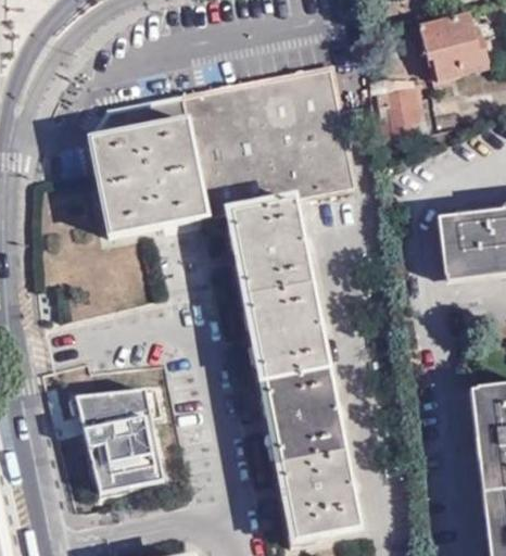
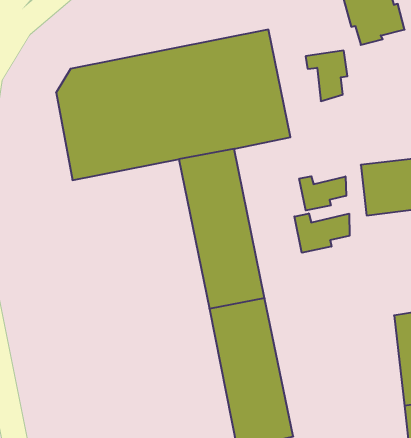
building: none -> [299,176,346,210]
building: none -> [294,213,350,253]
building: [73,390,162,495] -> none

